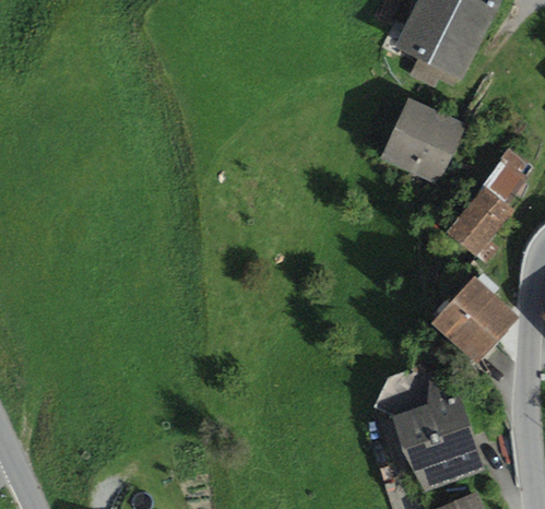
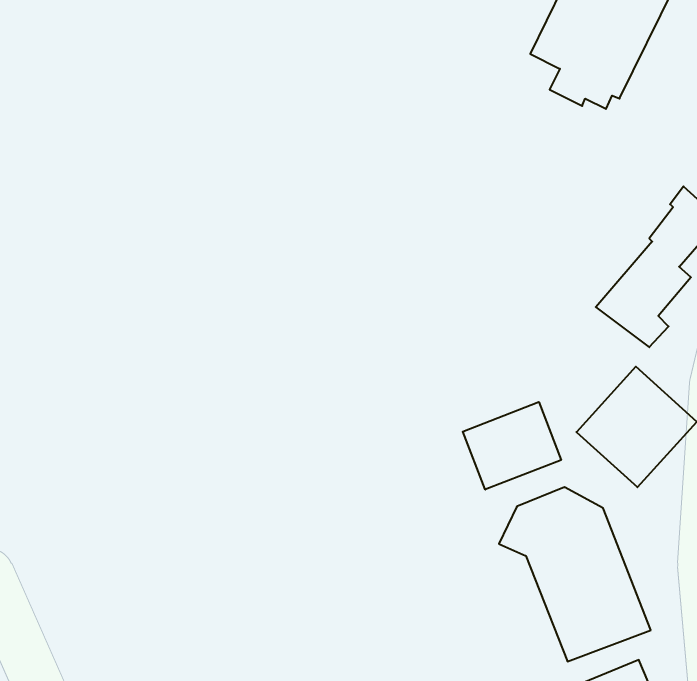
building: [379,97,466,186] -> none
building: none -> [463,402,561,490]

